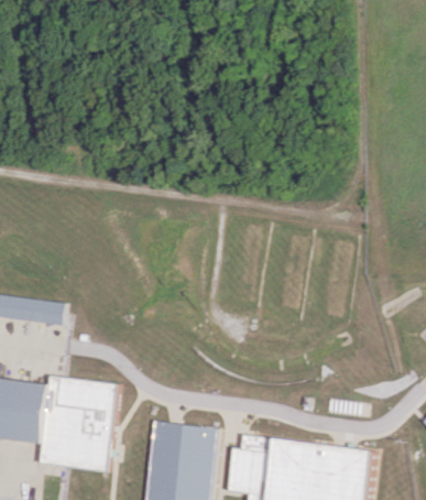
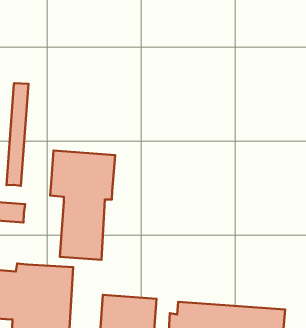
building: none -> [6,83,28,186]
building: none -> [50,151,115,260]

